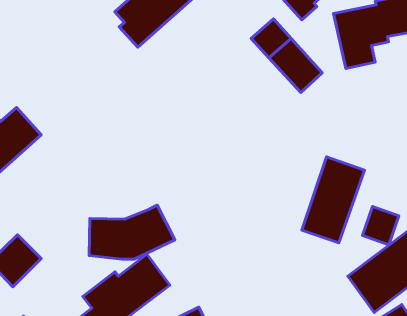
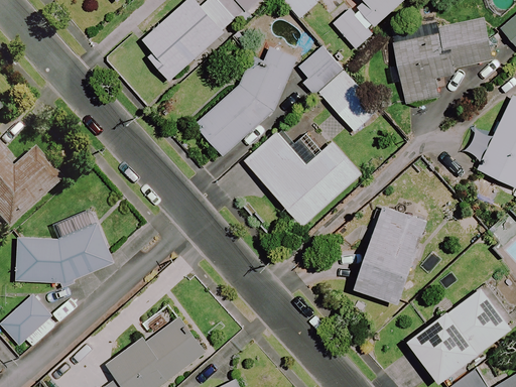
building: none -> [194,47,294,155]
building: none -> [244,132,360,226]
building: [89,205,175,259] -> [16,222,114,283]
building: [363,207,399,245] -> none

